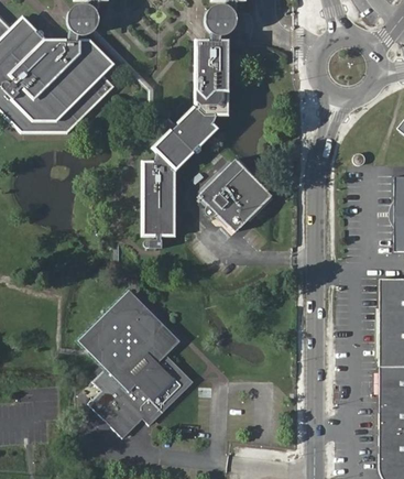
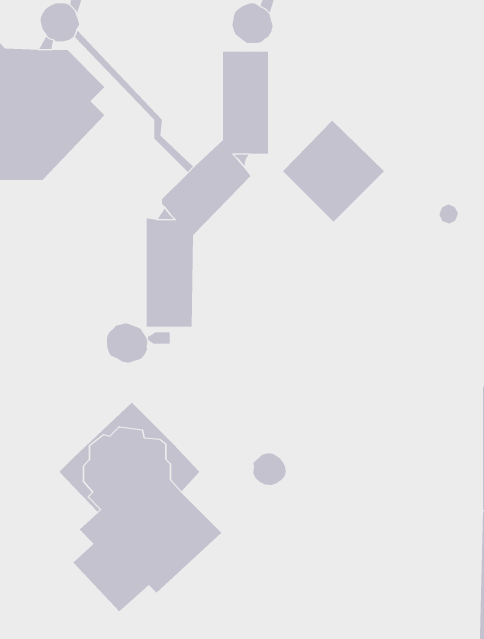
building: [199,159,272,231] -> [282,120,385,223]
building: none -> [106,323,148,364]
building: none -> [253,452,286,486]

